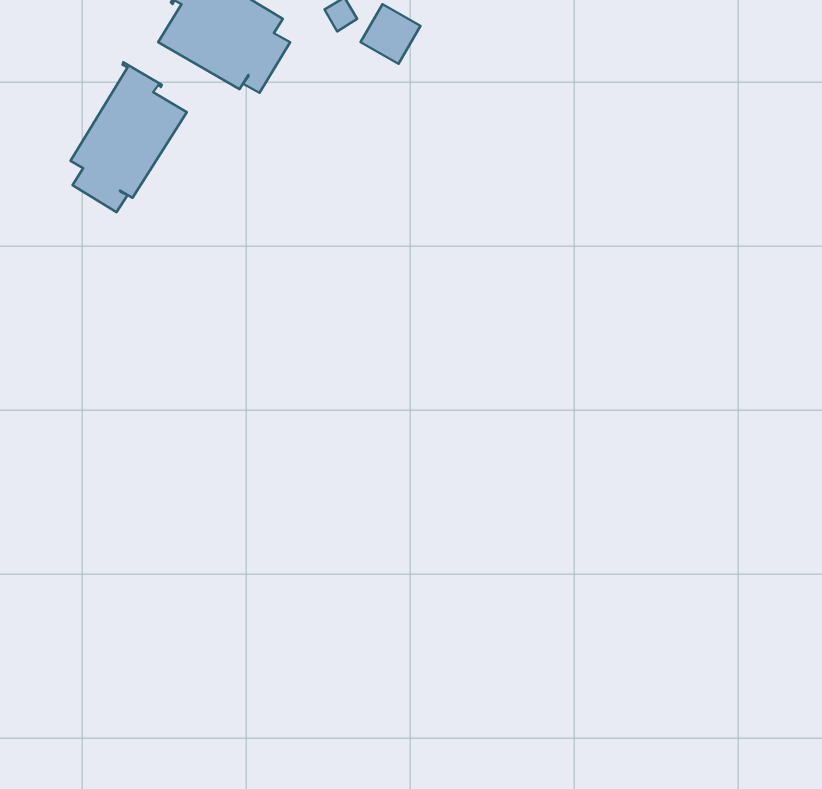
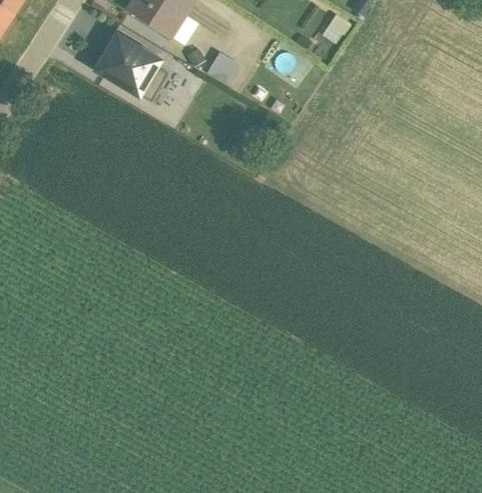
building: [70,62,187,212] -> none

